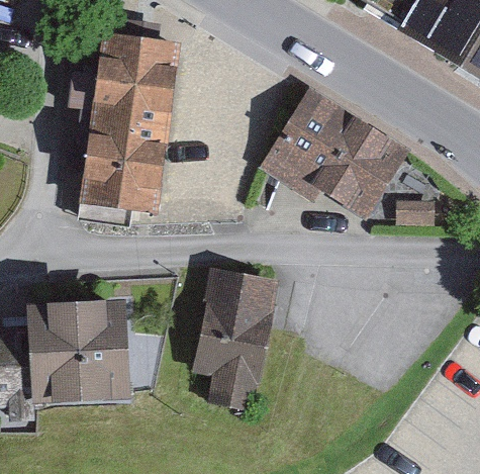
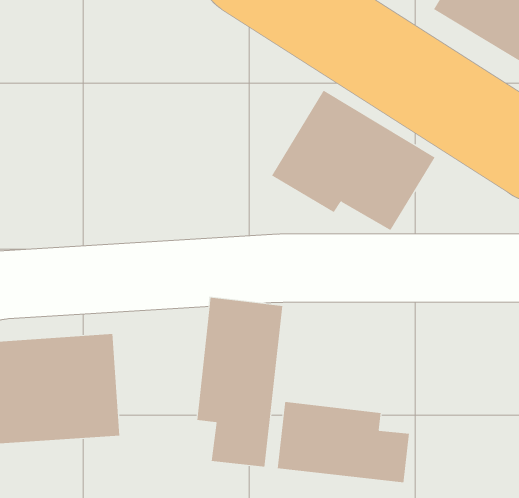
building: [78,37,173,211] -> none
building: none -> [277,401,410,483]

